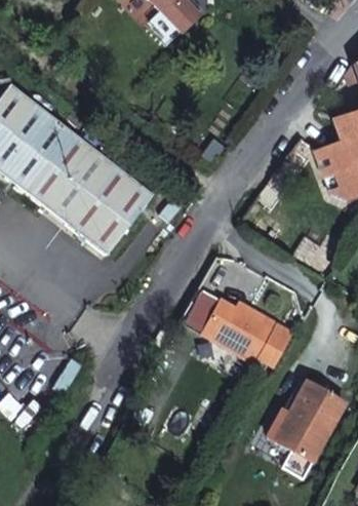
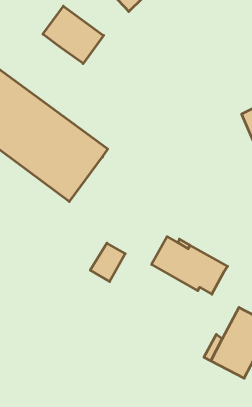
building: none -> [43,6,104,64]
building: [184,283,225,328] -> [90,243,125,282]

